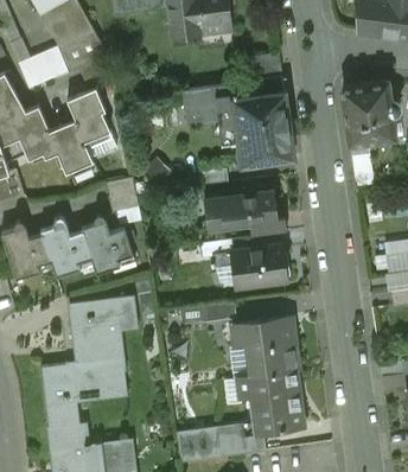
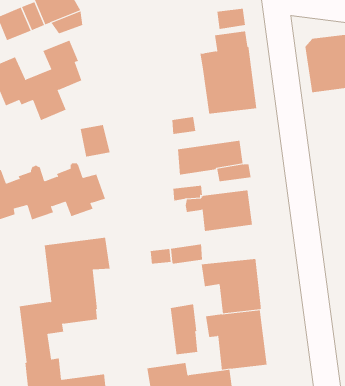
building: [183,85,235,123] -> none
building: none -> [170,303,198,355]

